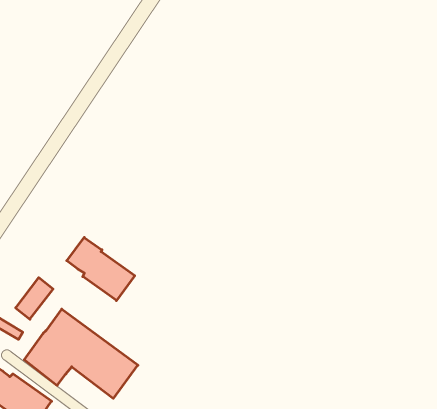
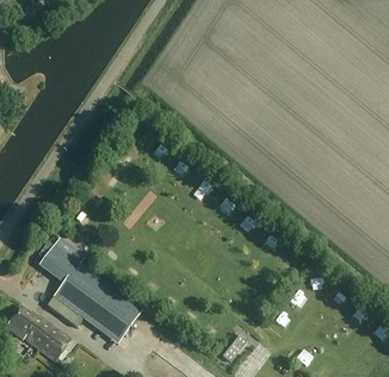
building: [67,237,135,301] -> none

